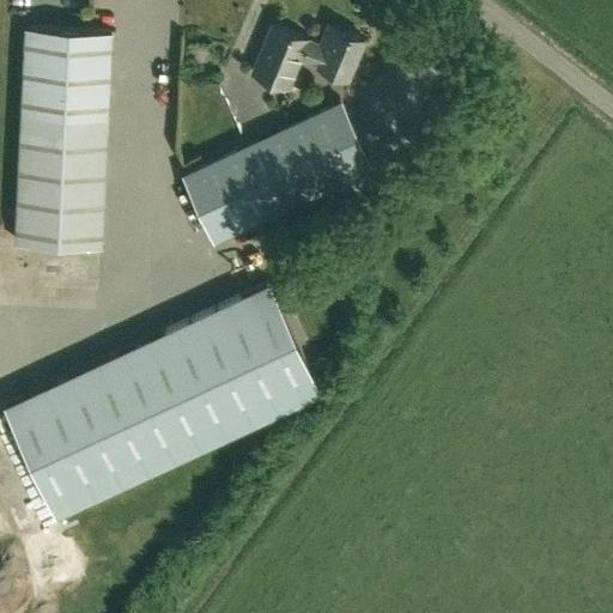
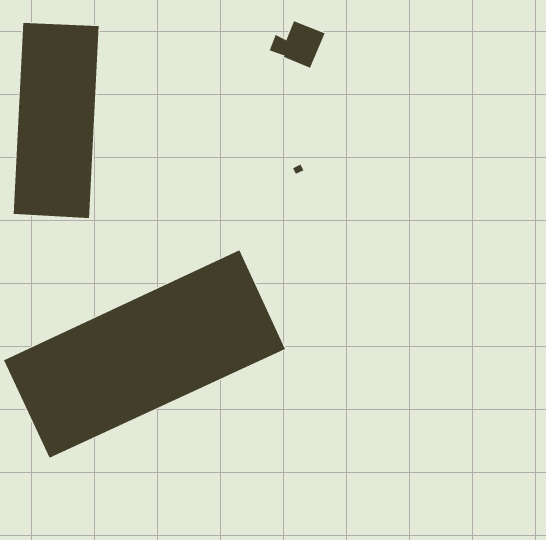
building: [251,32,308,95] -> none
building: [184,108,376,245] -> none

